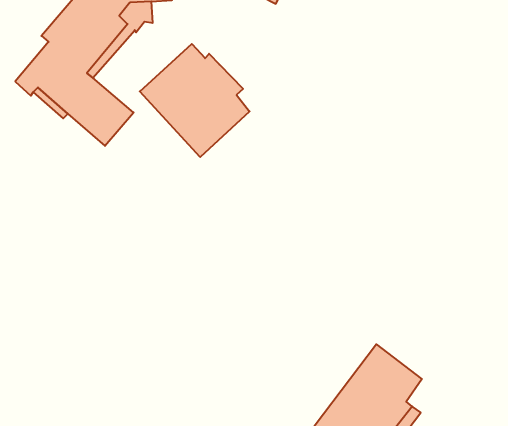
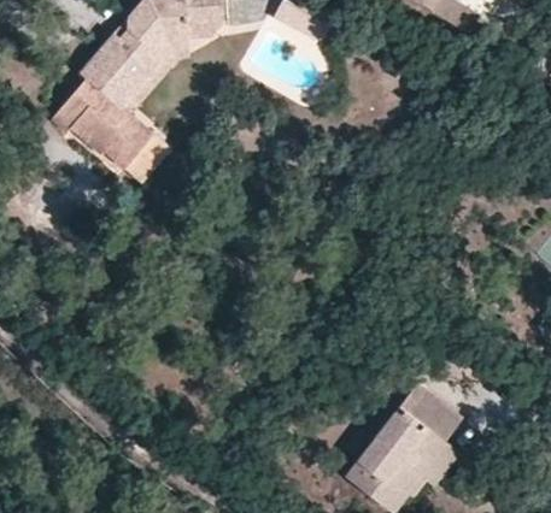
building: [140,44,250,157] -> none

